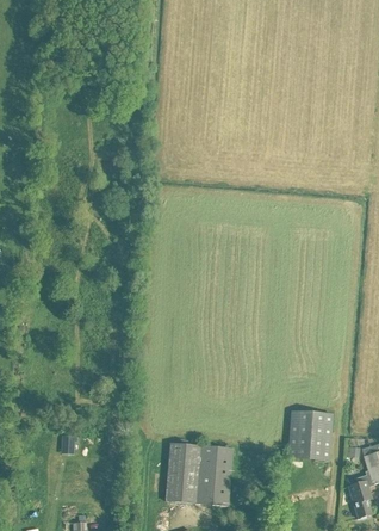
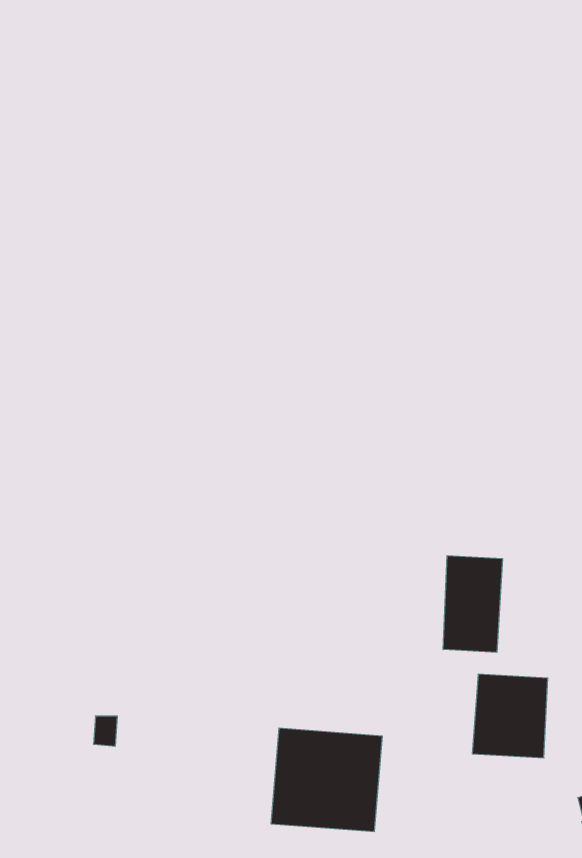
building: none -> [443,556,502,652]

